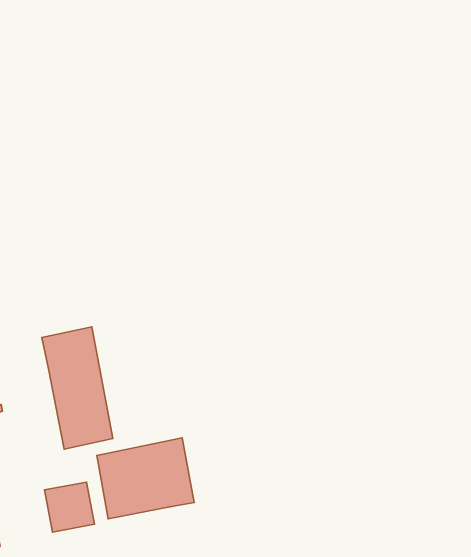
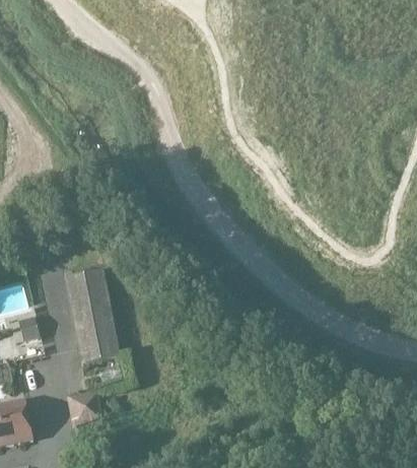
building: [97,438,194,519] -> none

